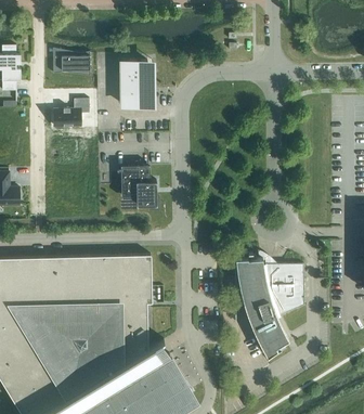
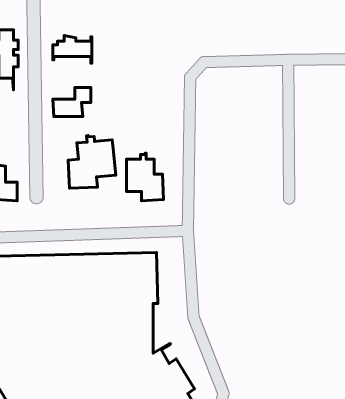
building: [122,63,147,108] -> none
building: none -> [68,136,116,188]
building: [234,260,304,359] -> none

